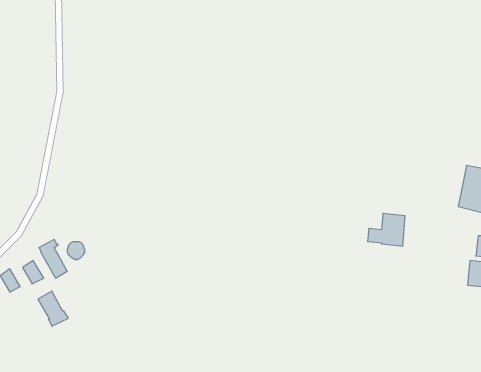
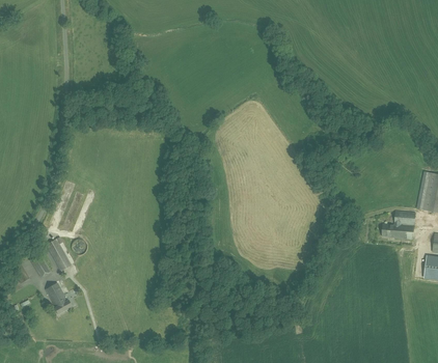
building: [368,213,405,246] -> [382,211,415,240]

